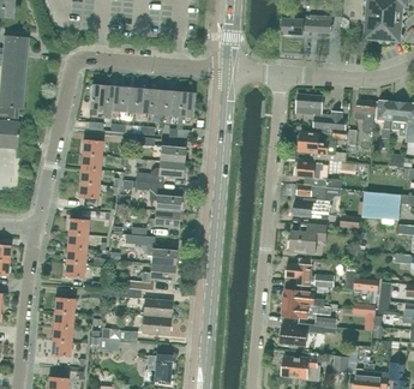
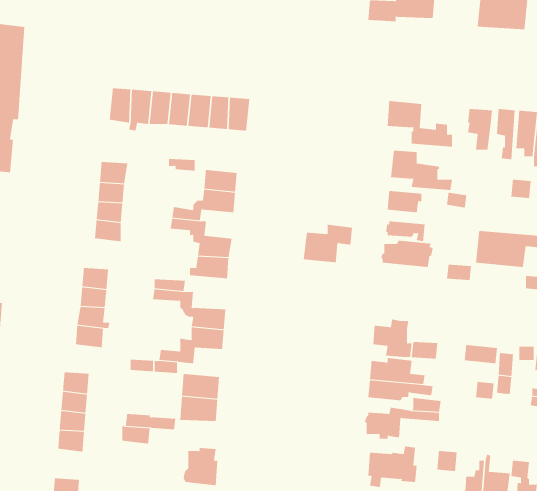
building: [289,225,326,253] -> [303,224,353,263]

